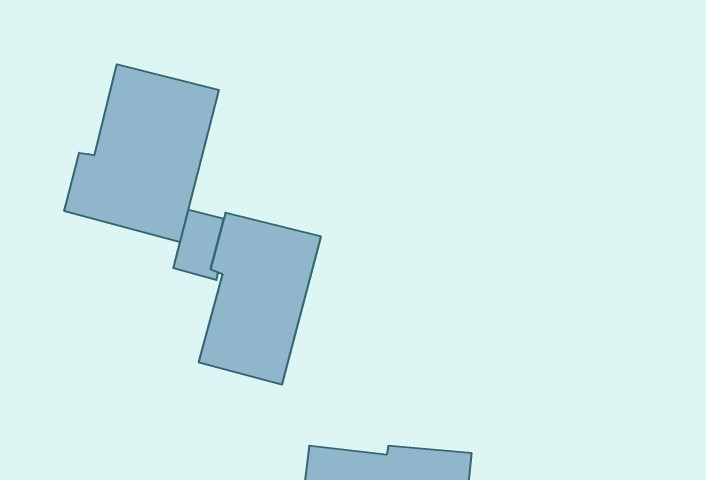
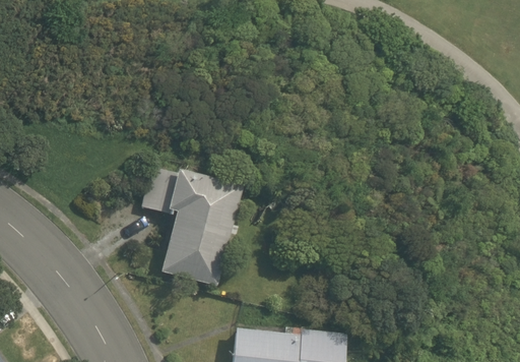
building: [64,64,219,242] -> none

